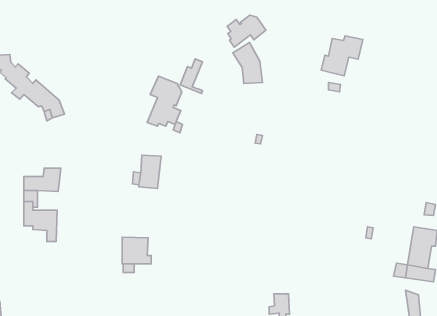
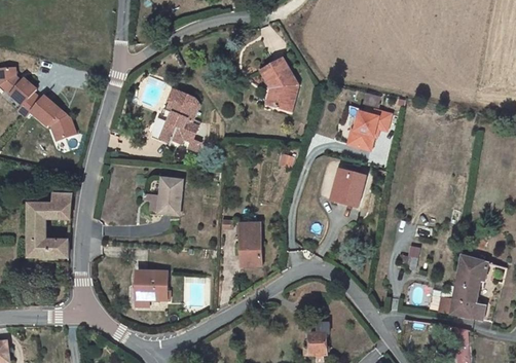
building: [227,15,266,47] -> none
building: [321,36,363,76] -> [343,109,390,153]
building: [180,59,203,93] -> [153,111,178,149]
building: none -> [334,171,366,208]
building: none -> [236,224,260,266]

